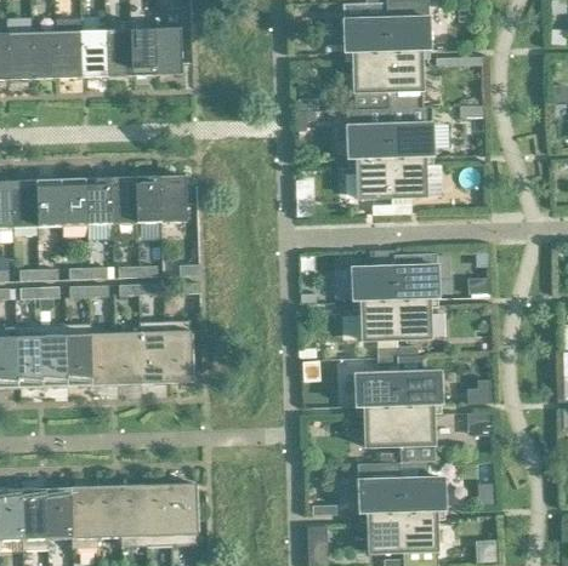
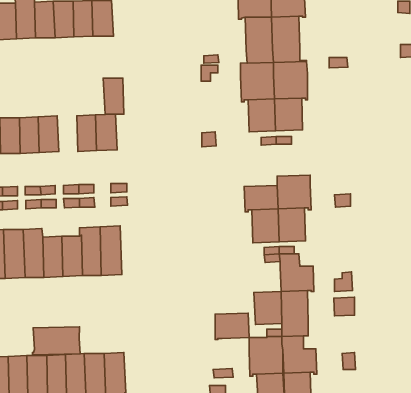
building: [109,177,136,223] -> [103,78,124,114]
building: [354,372,398,406] -> [215,313,249,339]
building: none -> [33,327,80,355]

